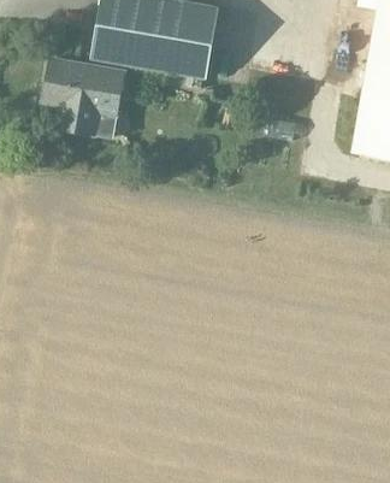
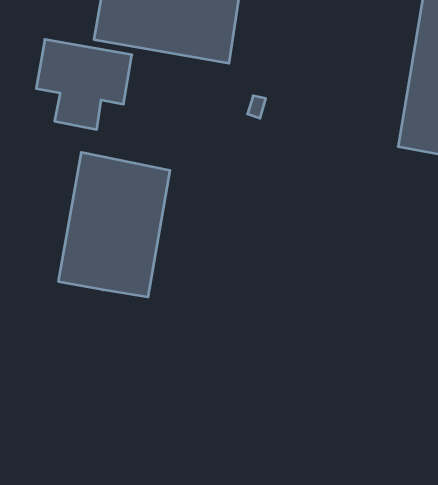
building: none -> [59,152,170,297]

